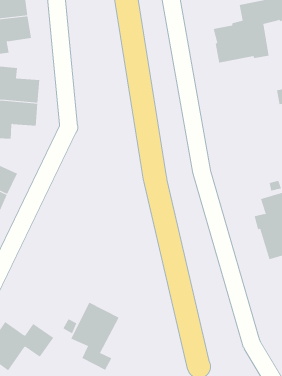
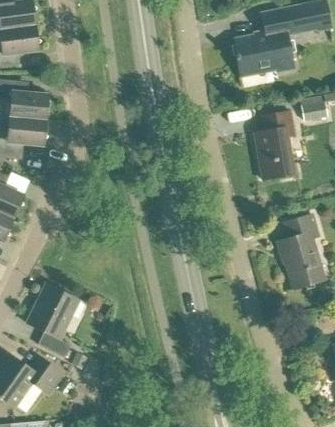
building: none -> [254,112,294,180]
building: [70,302,120,370] -> [26,284,79,358]

